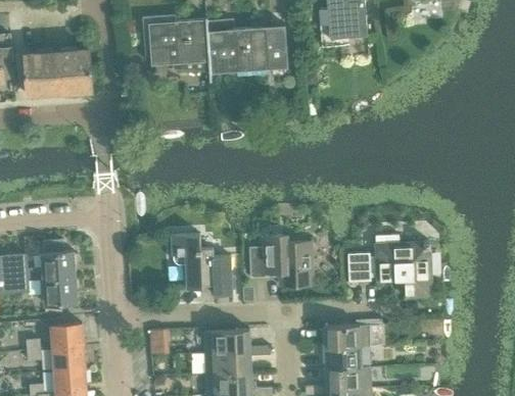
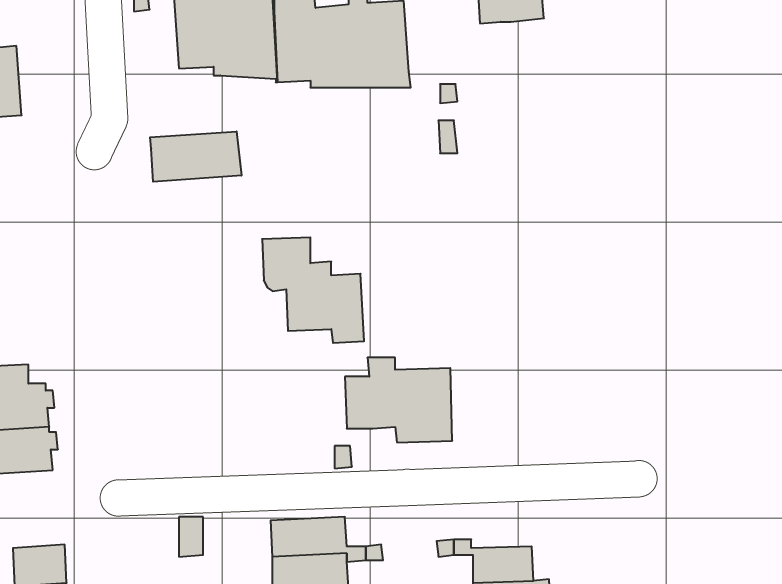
building: [55,50,92,93] -> none
building: none -> [150,131,241,182]
building: [172,234,232,296] -> [262,237,364,343]
building: [347,235,431,297] -> none
building: [323,318,382,348] -> none
building: [51,323,84,348] -> none

